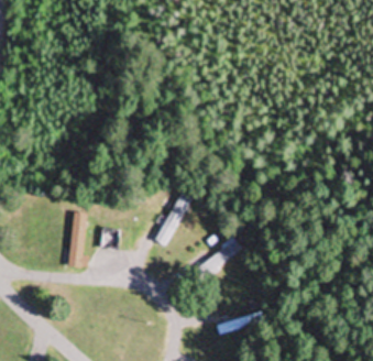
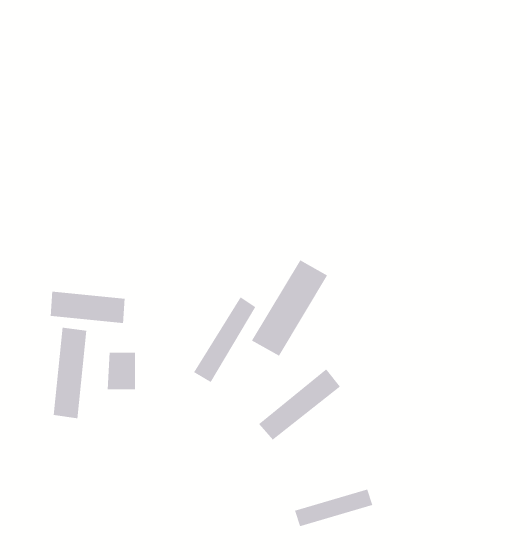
building: none -> [251,260,328,356]
building: none -> [50,291,125,324]

